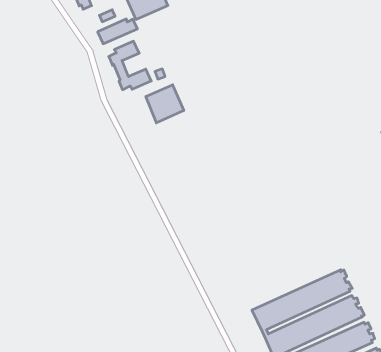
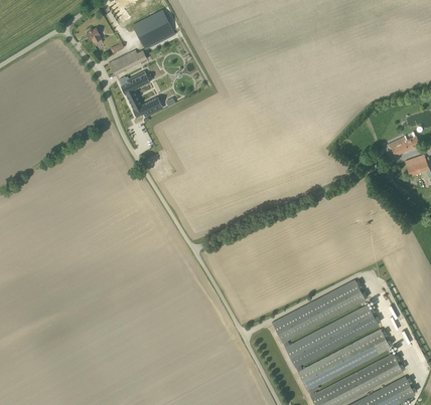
building: [146,85,184,123] -> none

